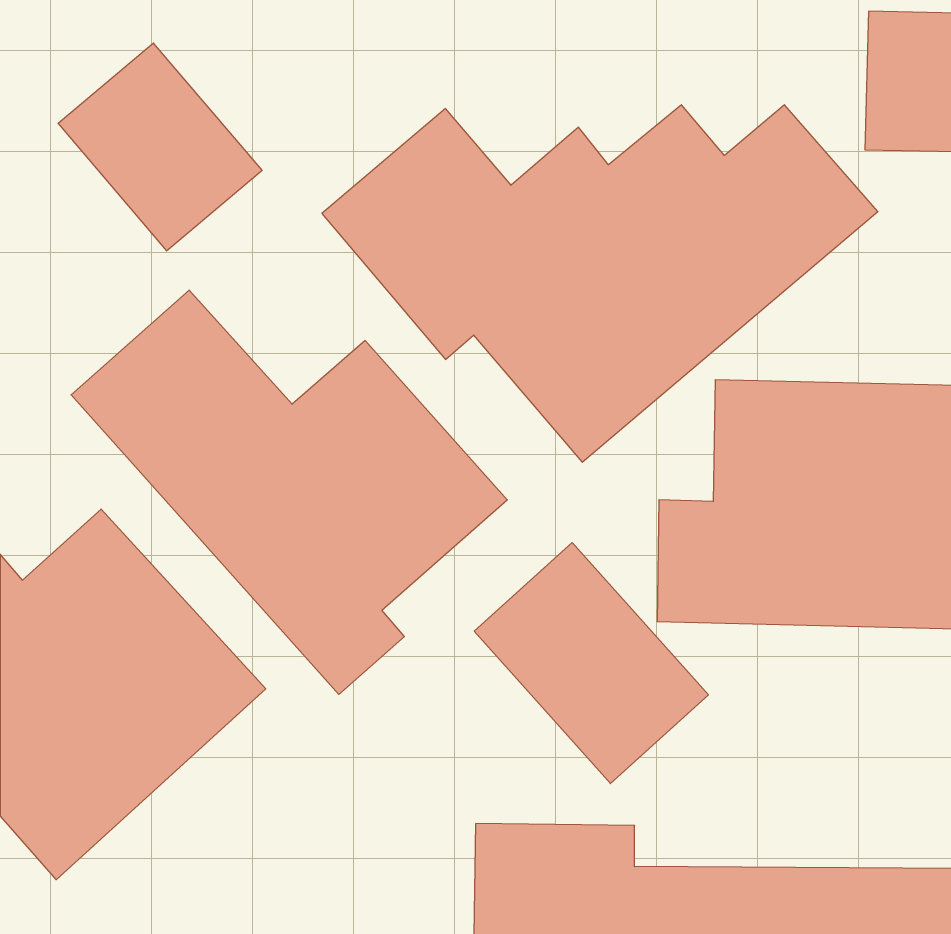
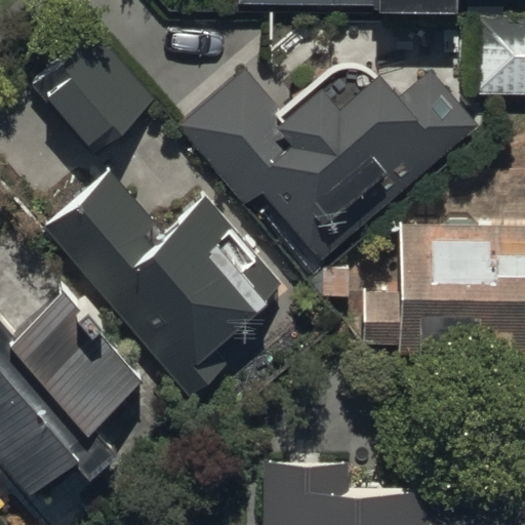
building: [474,543,708,784] -> none

